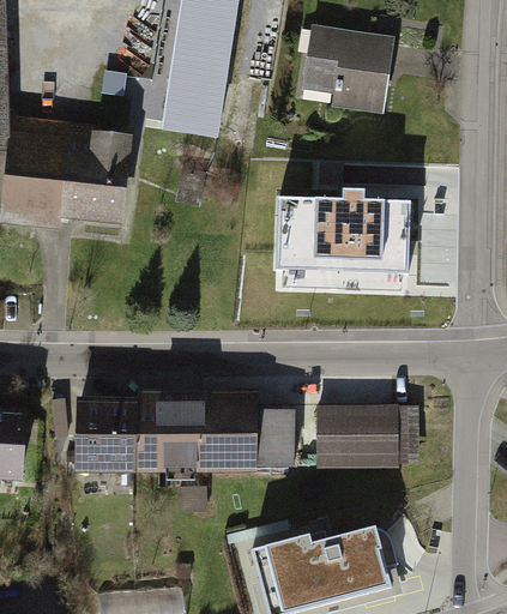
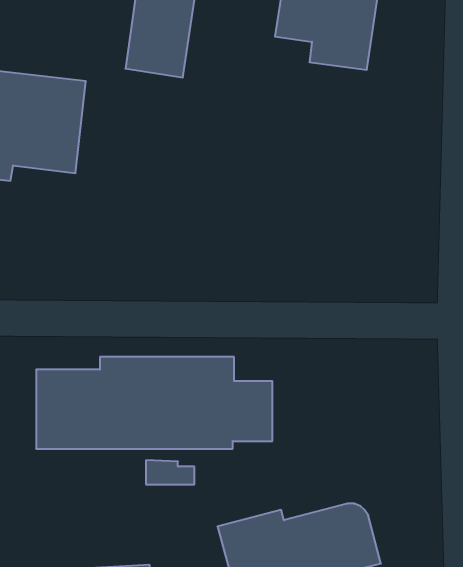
building: [272,188,406,271] -> none
building: [318,405,418,469] -> none

